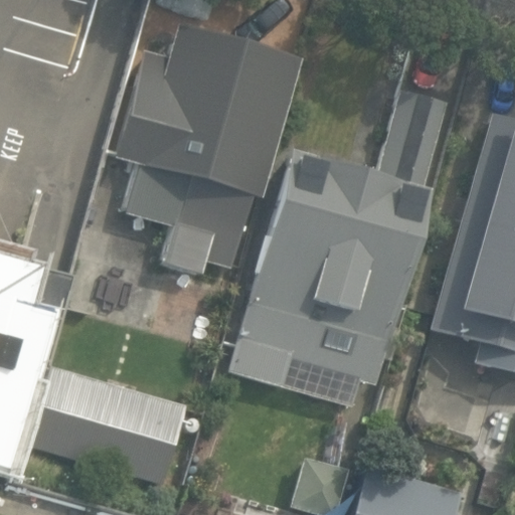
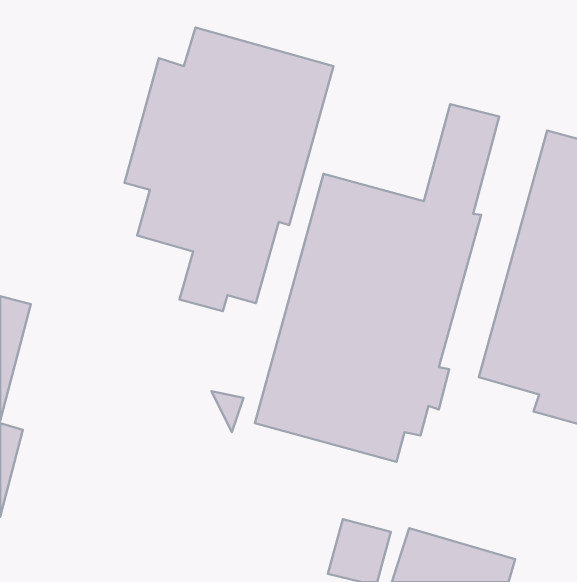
building: [29,352,188,486] -> none

